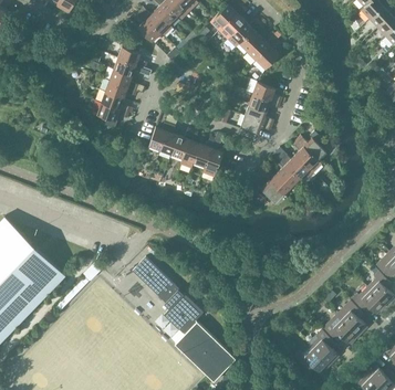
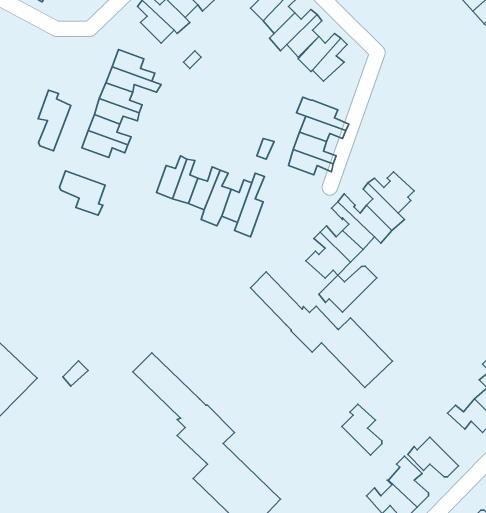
building: none -> [38,90,71,151]
building: none -> [60,171,105,215]
building: none -> [319,266,377,312]
building: none -> [250,272,392,388]
building: [339,301,366,336] -> [342,404,382,455]

